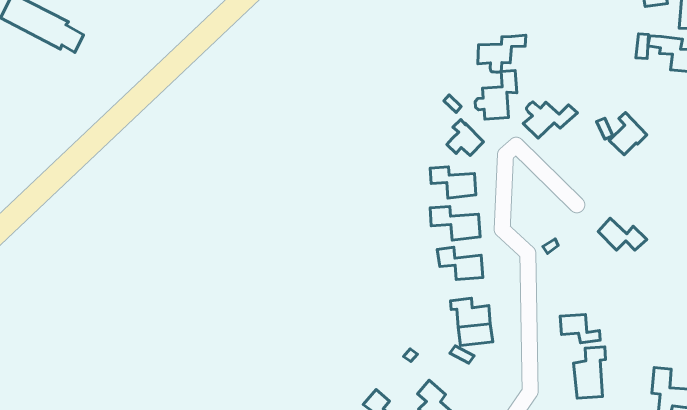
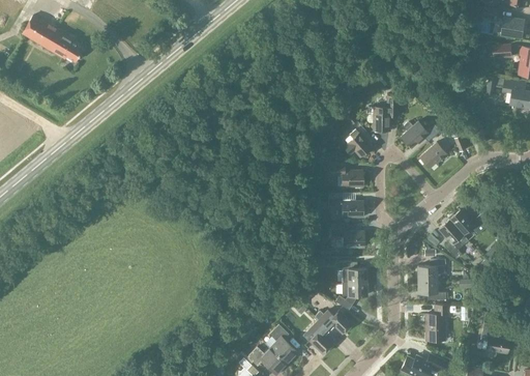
building: [478,35,526,72] -> none
building: [609,112,647,155] -> [419,138,447,169]
building: none -> [439,220,463,259]
building: none -> [418,259,445,280]
building: none -> [315,311,353,335]

